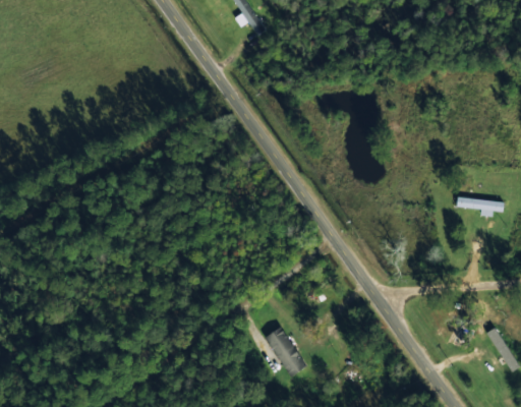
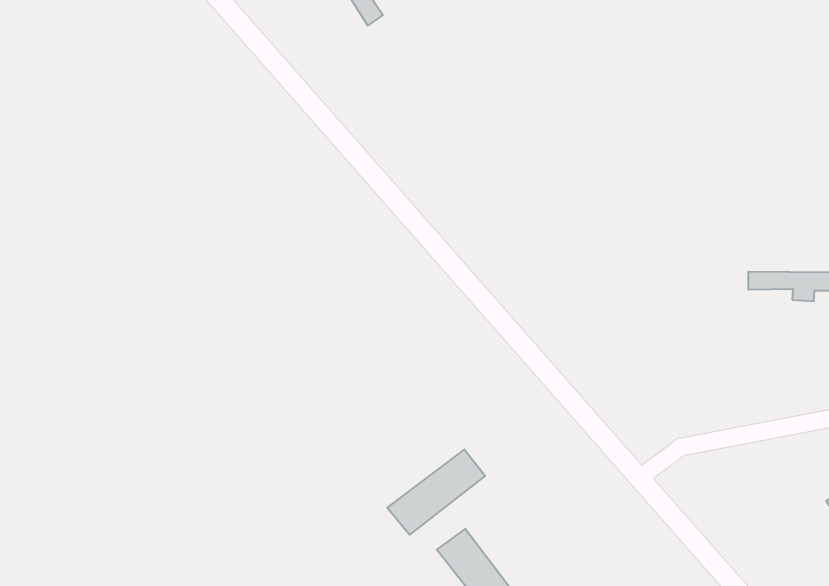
building: none -> [387,449,485,535]

